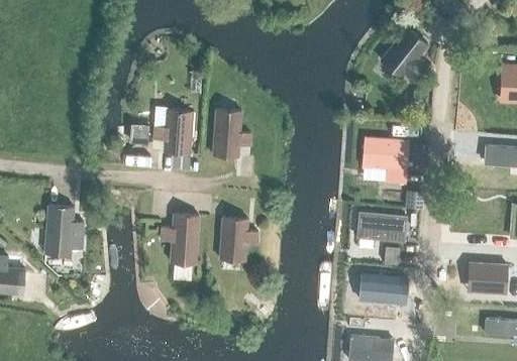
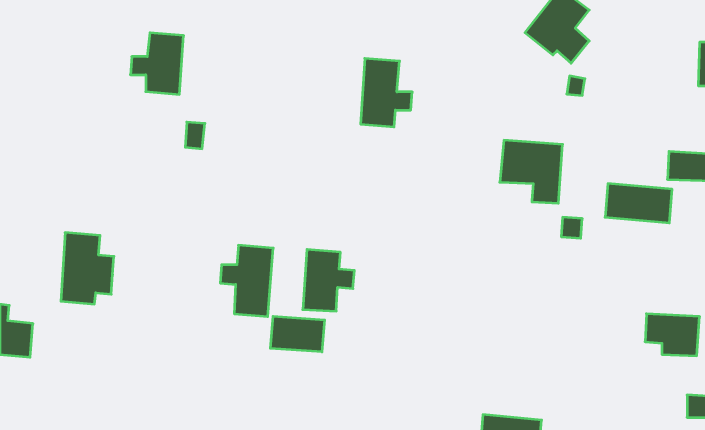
building: [213,109,250,158] -> [361,58,412,127]
building: [153,110,192,154] -> [130,33,184,94]
building: [357,213,406,241] -> [605,184,672,223]
building: none -> [270,316,325,352]
building: [360,274,409,303] -> none

